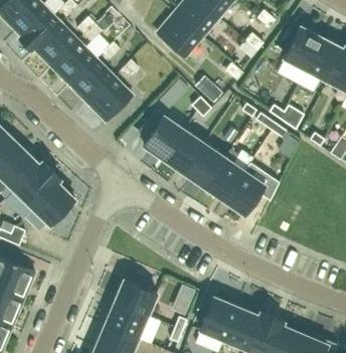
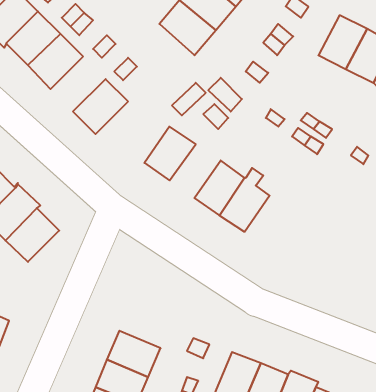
building: [67,59,112,104] -> none
building: [163,130,204,173] -> none
building: [223,171,265,214] -> none

